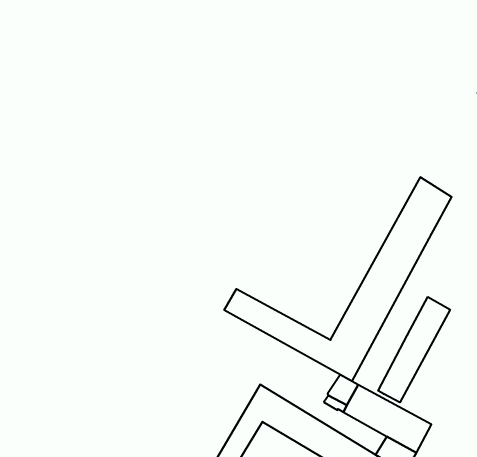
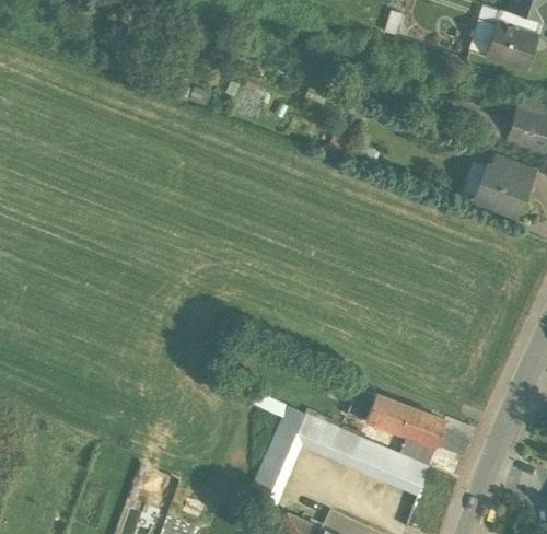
building: [224,177,452,381] -> none
building: [378,297,450,402] -> none

